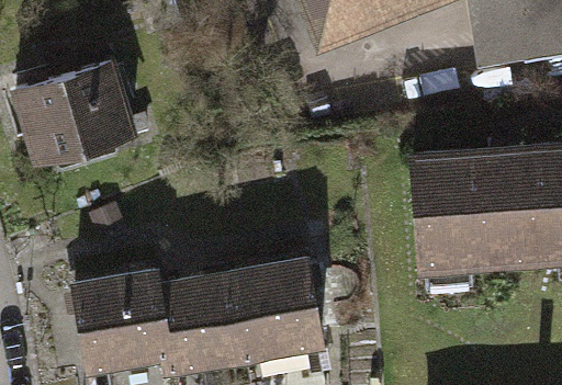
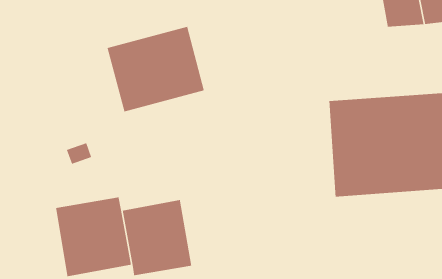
building: [18,61,137,167] -> [107,26,205,113]
building: [228,261,324,356] -> none

